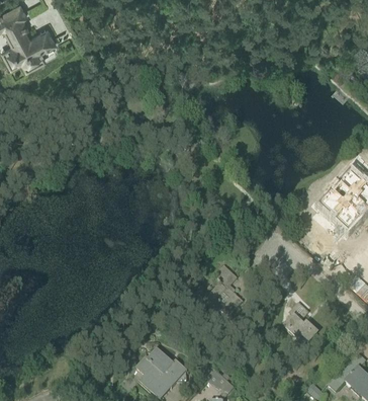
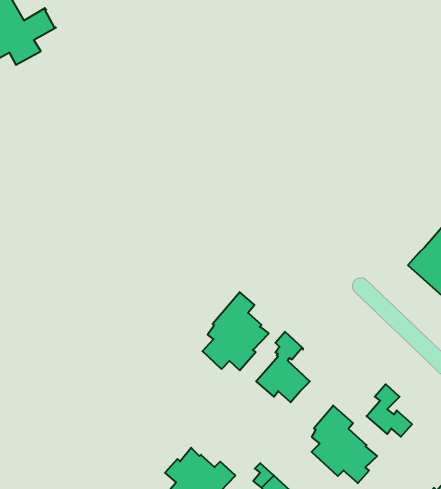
building: none -> [202,292,269,370]
building: none -> [312,405,377,483]

